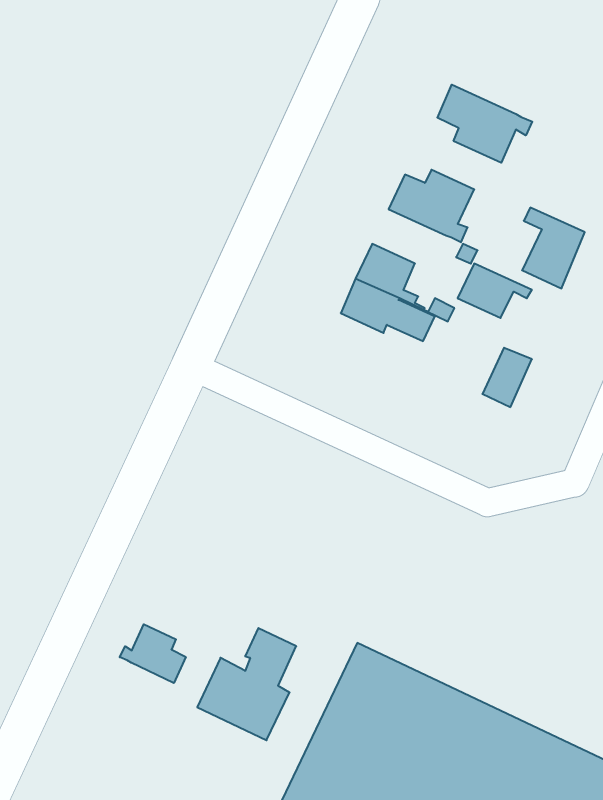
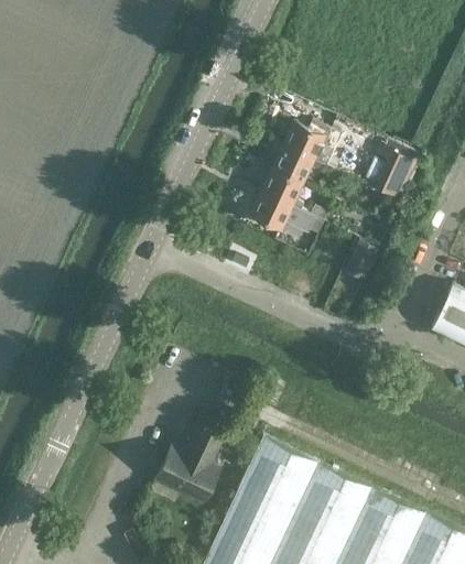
building: [437,85,532,163] -> none
building: [458,264,532,318] -> [273,149,323,185]
building: [120,624,186,683] -> none

